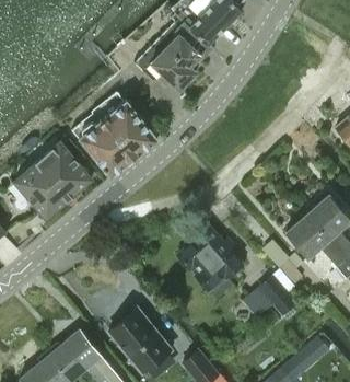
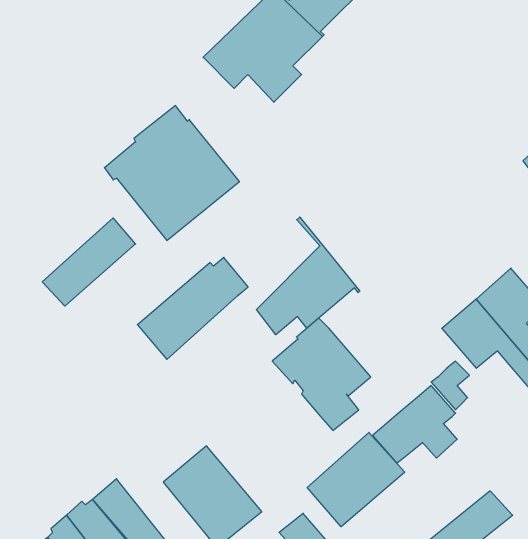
building: [14,139,84,204] -> [137,257,248,359]
building: none -> [256,217,360,335]
building: none -> [307,432,405,527]

